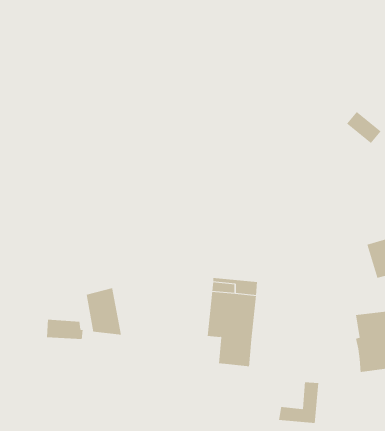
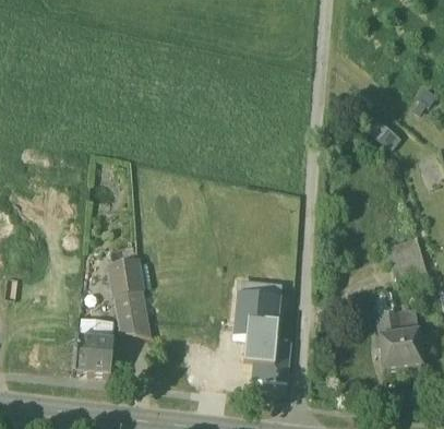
building: none -> [111,259,143,296]
building: none -> [75,337,113,373]
building: [278,382,319,424] -> [252,339,291,380]

